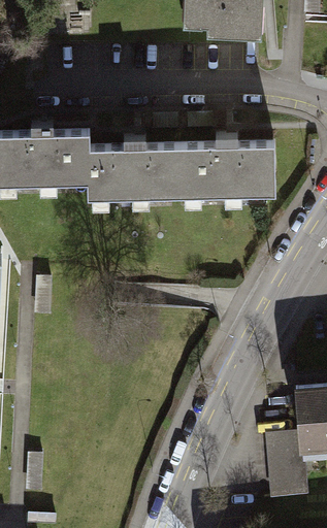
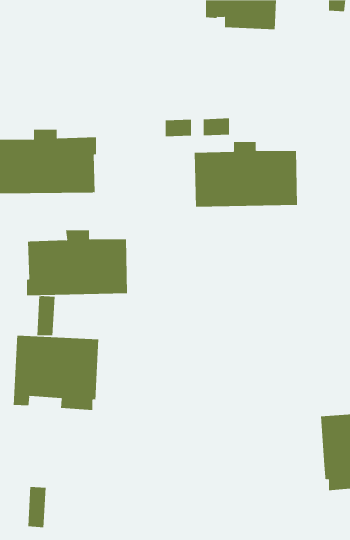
building: [87,137,181,198] -> [26,230,128,296]
building: none -> [13,335,99,411]
building: [269,434,305,496] -> none

